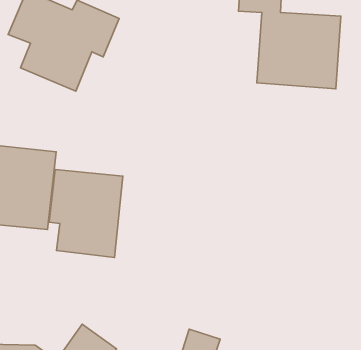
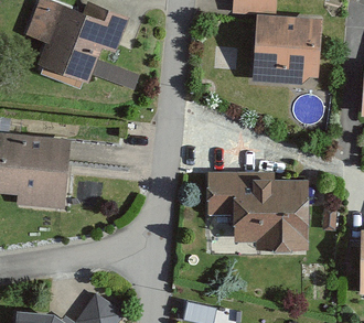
building: [49,169,123,257] -> none
building: none -> [202,171,309,248]

